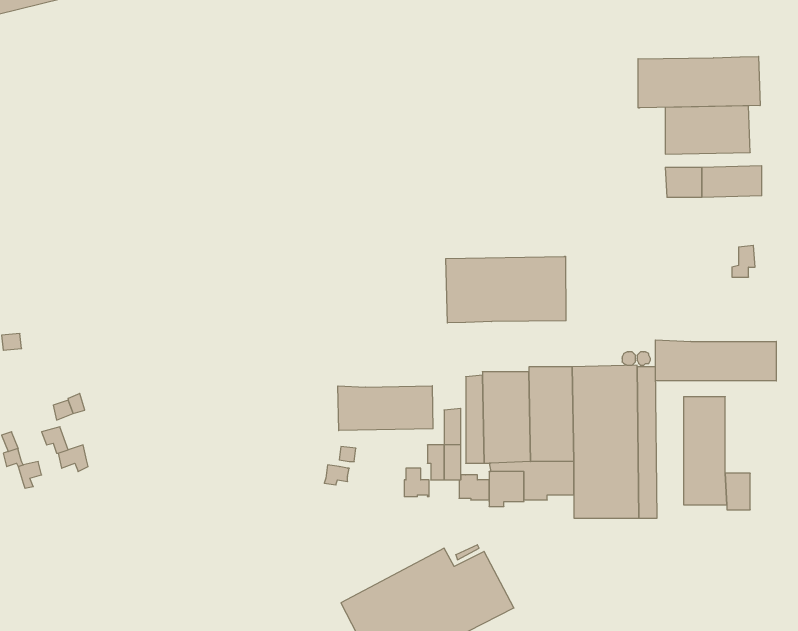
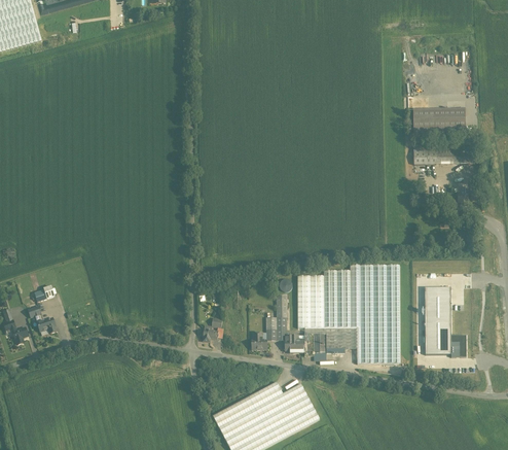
building: [638,56,760,108] -> none
building: [446,256,566,323] -> none
building: [656,340,776,381] -> none
building: [338,386,433,431] -> none

